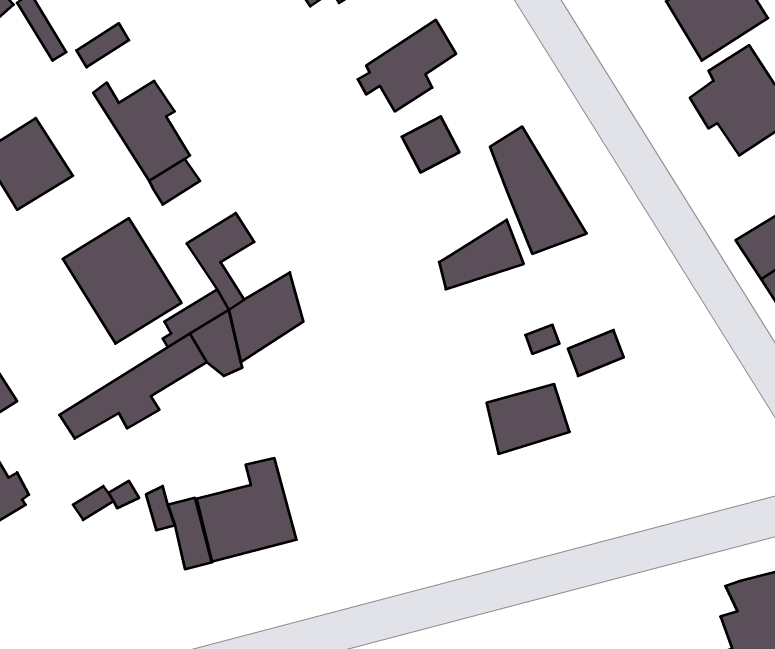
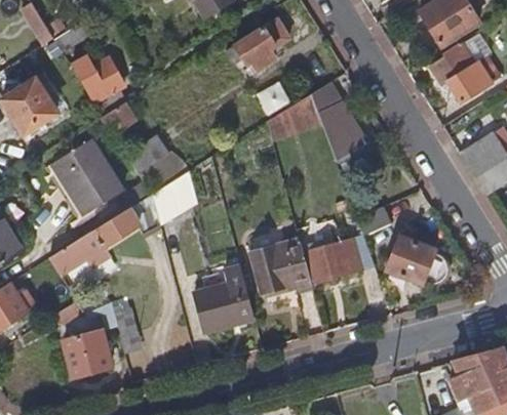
building: [439,220,524,289] -> [269,96,320,138]
building: none -> [388,236,443,282]
building: none -> [250,240,312,293]
building: [197,458,297,562] -> [194,268,255,331]
building: none -> [65,330,111,377]

